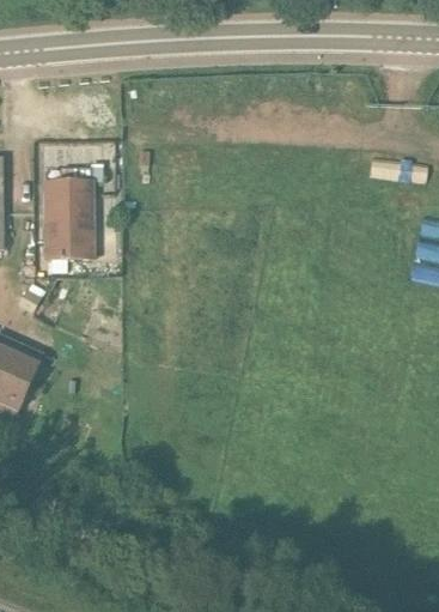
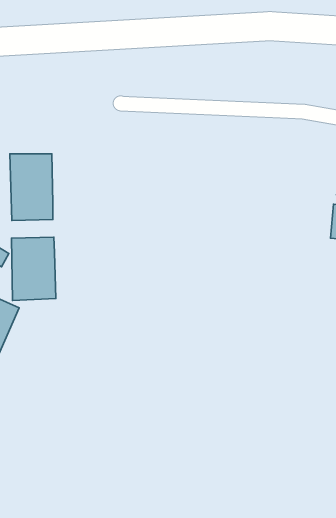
building: none -> [11,237,56,300]

